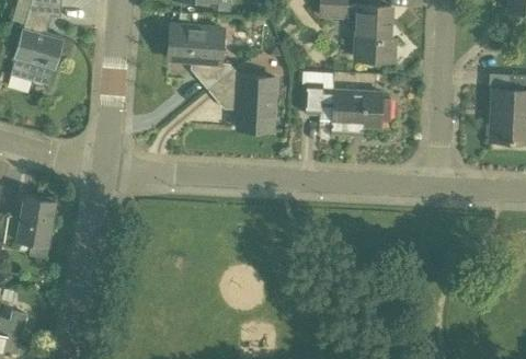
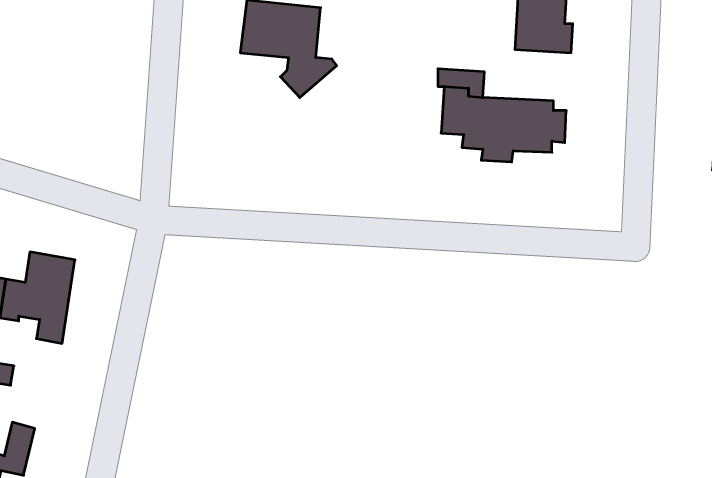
building: [10,31,64,88] -> none
building: [208,70,276,132] -> none

